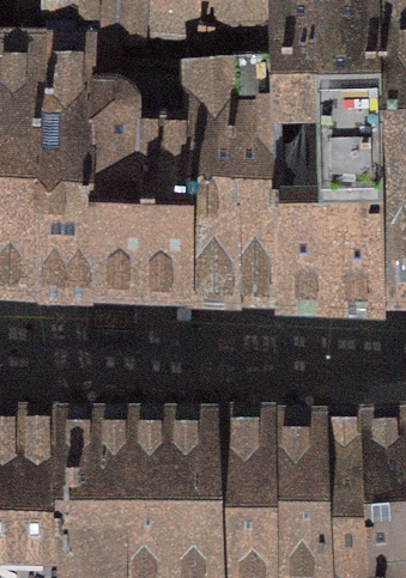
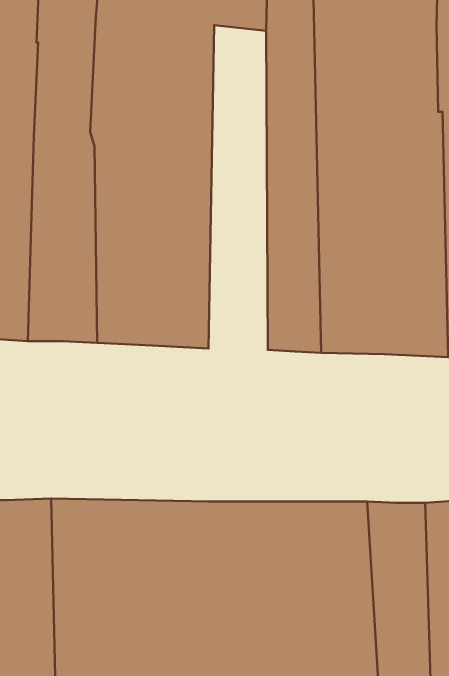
building: [187,30,236,299] -> none

